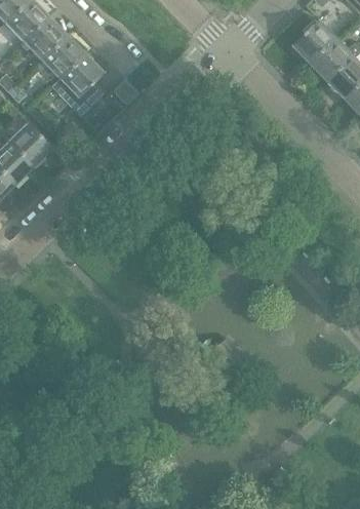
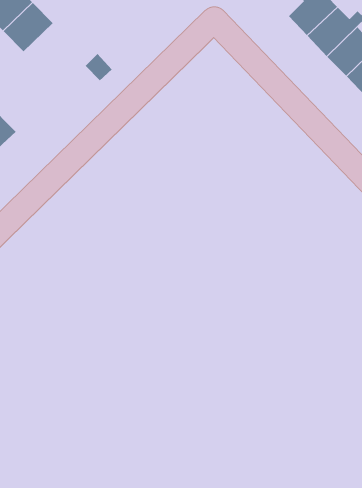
building: [51,52,104,115] -> none

